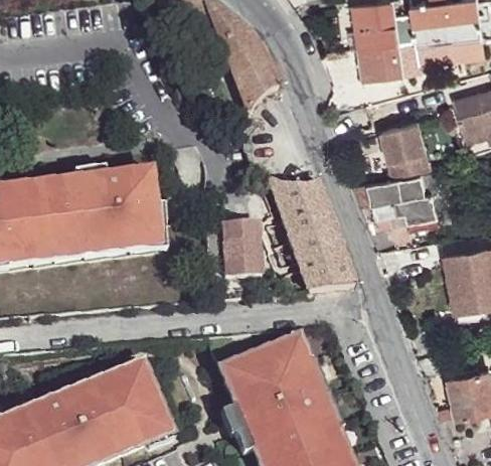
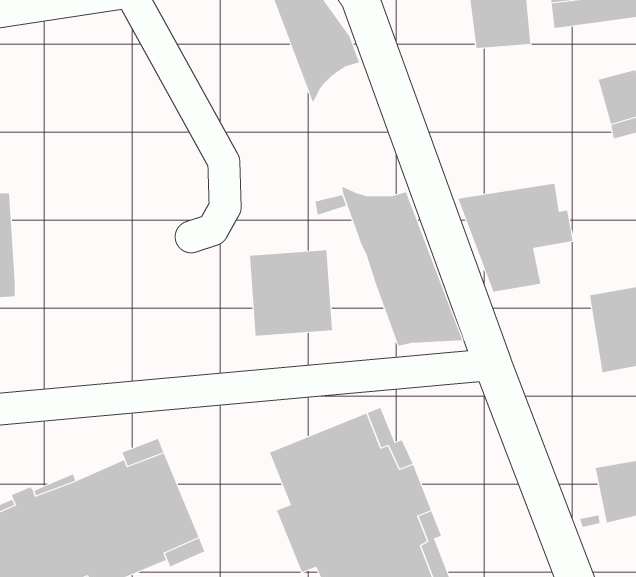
building: [381,125,429,177] -> none
building: [34,174,165,246] -> none

